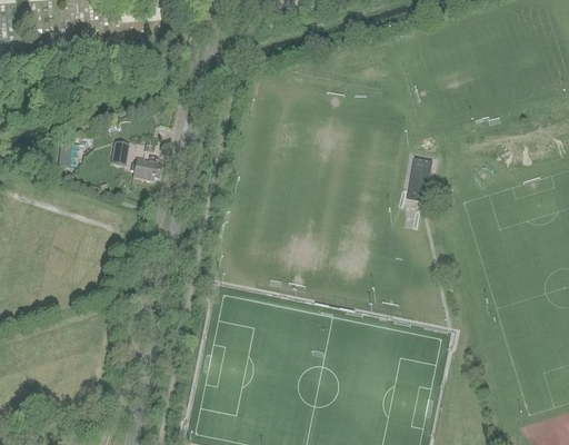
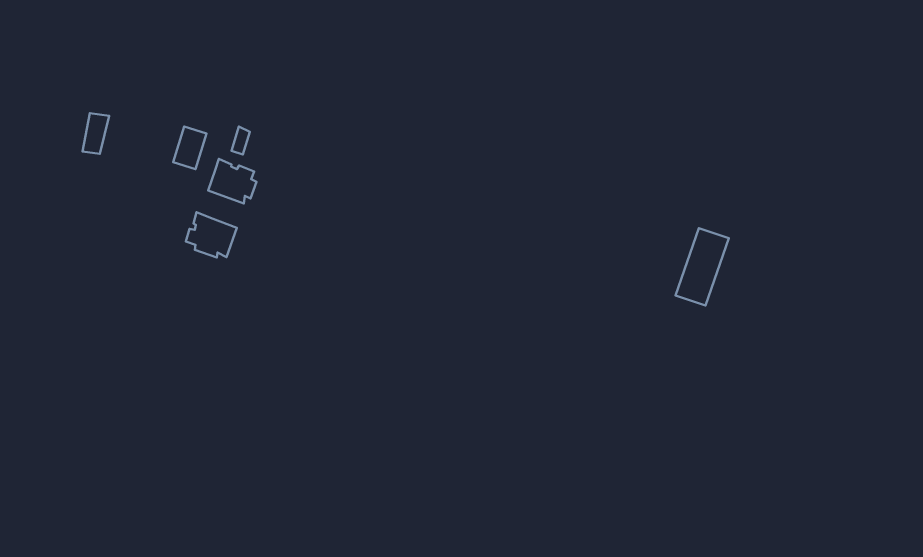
building: none -> [186,212,237,258]

